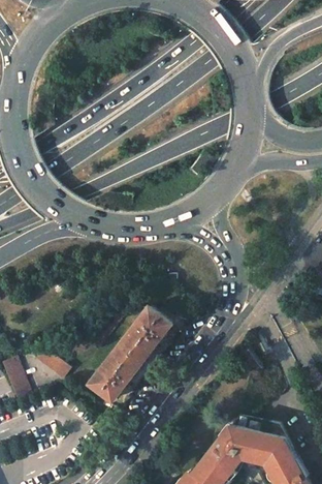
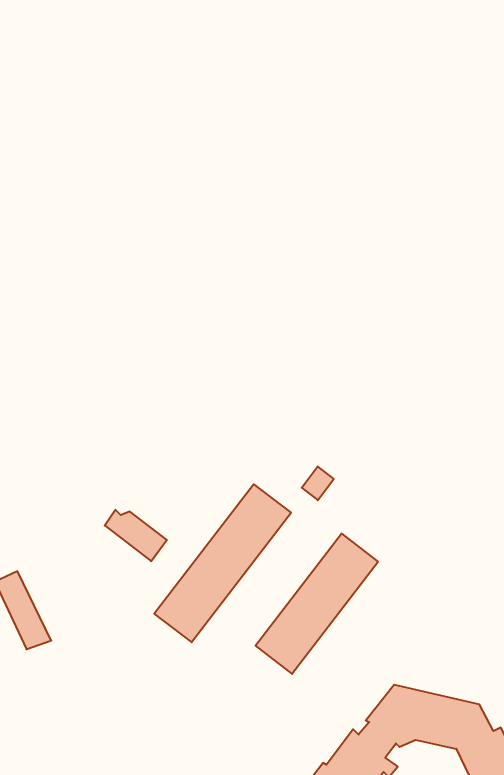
building: none -> [256,534,378,674]
building: [35,351,71,381] -> [105,510,167,561]

